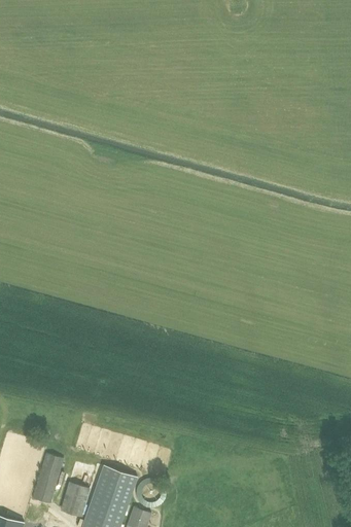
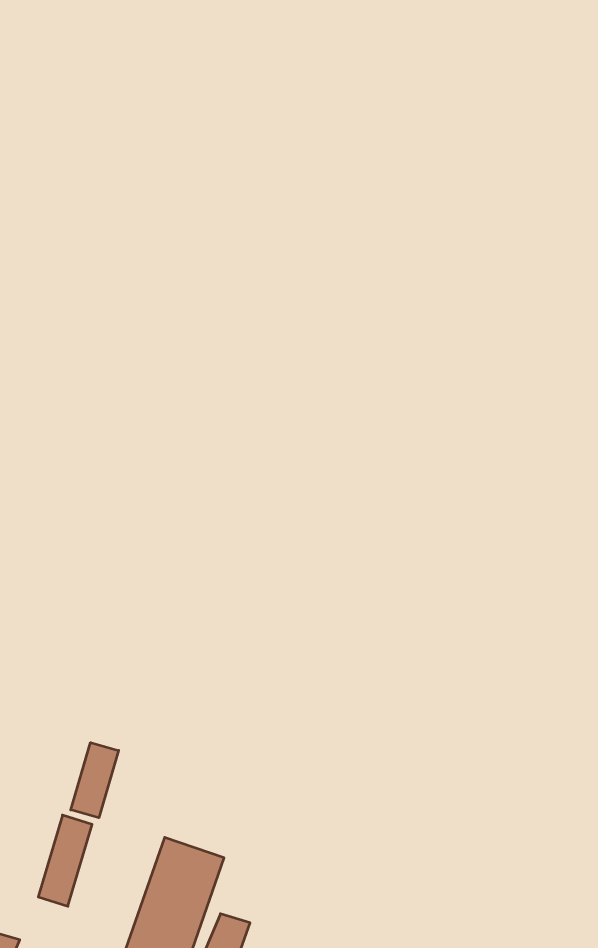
building: none -> [71,743,119,818]
building: [61,482,91,516] -> none

